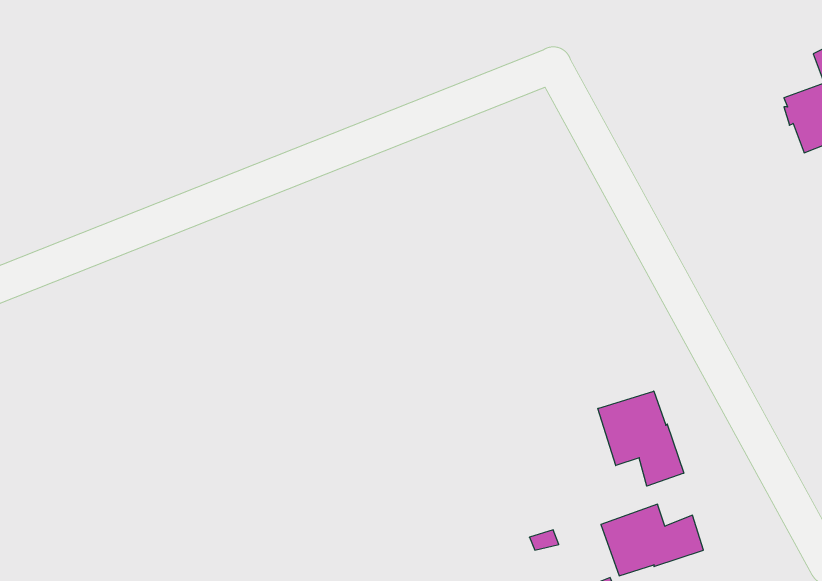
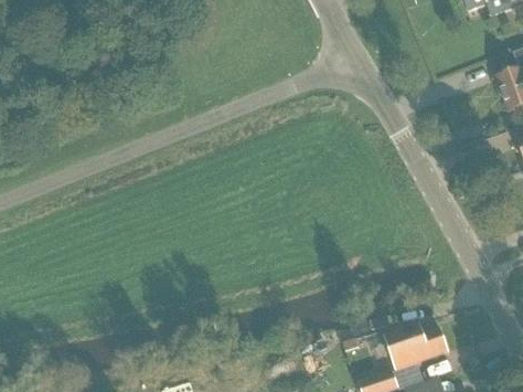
building: [598,391,684,486] -> none

